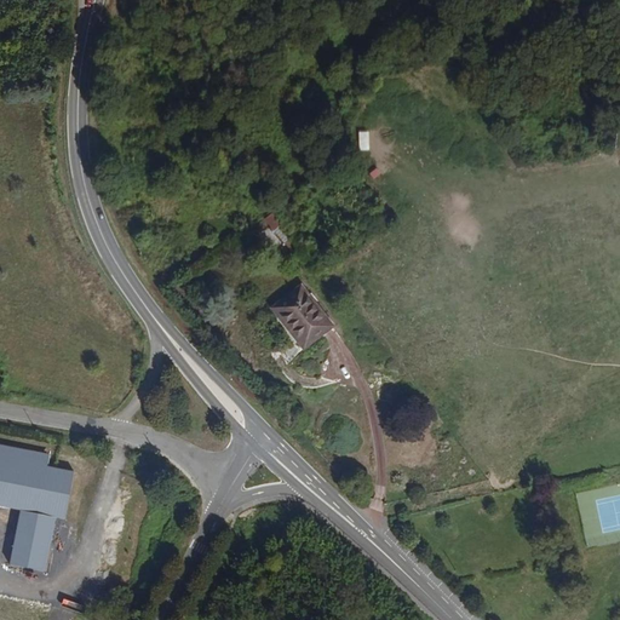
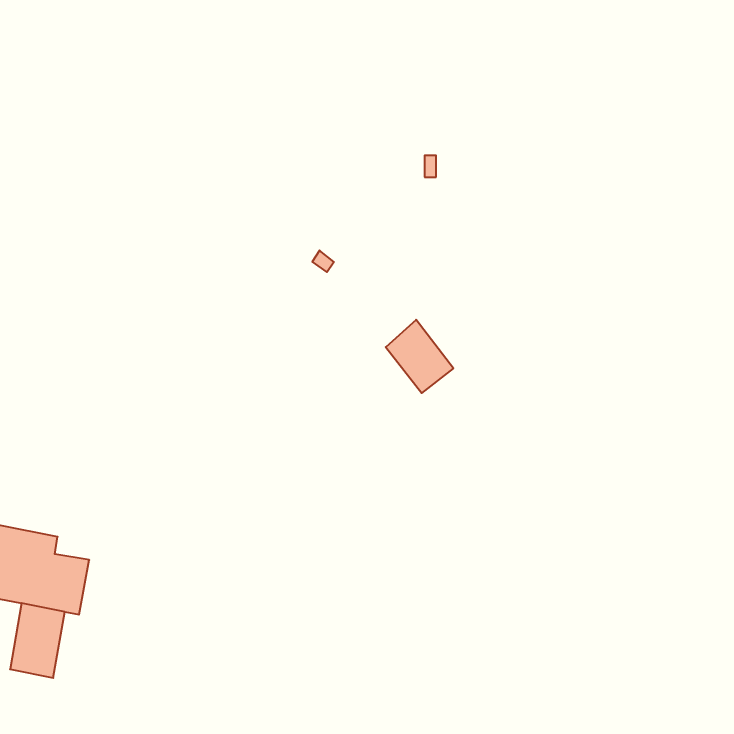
building: [272,288,329,350] -> [386,320,453,393]

